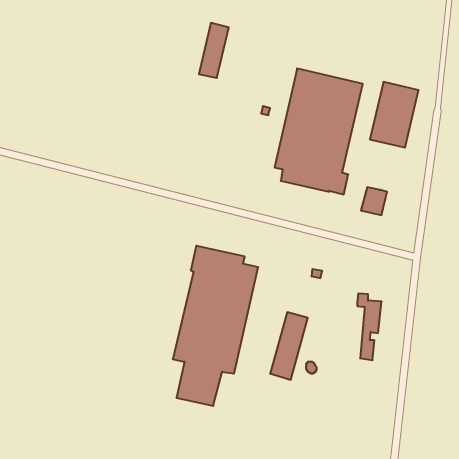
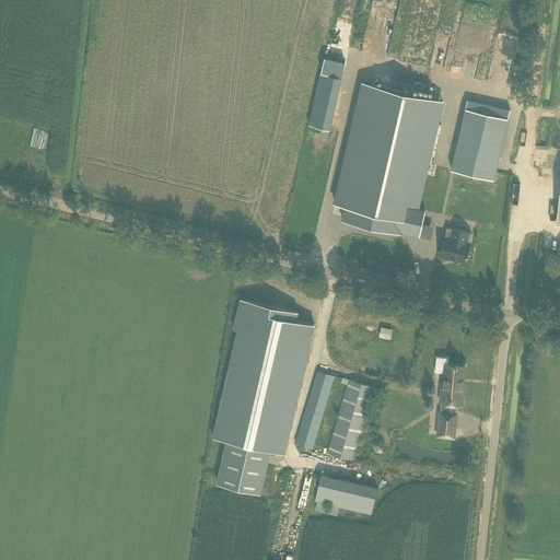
building: [199,23,229,78] -> [308,62,345,129]
building: none -> [294,372,336,451]
building: none -> [314,475,376,516]

